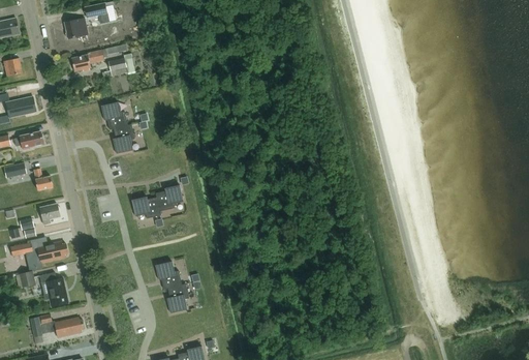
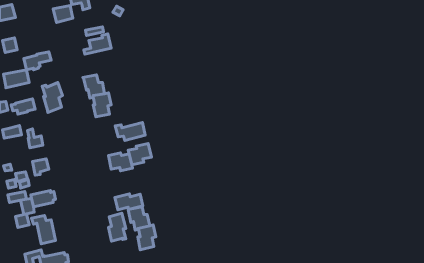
building: [71,50,104,71] -> [24,52,51,70]
building: none -> [42,83,63,112]
building: none -> [115,122,145,140]
building: none -> [115,194,143,210]
building: none -> [109,213,126,241]

